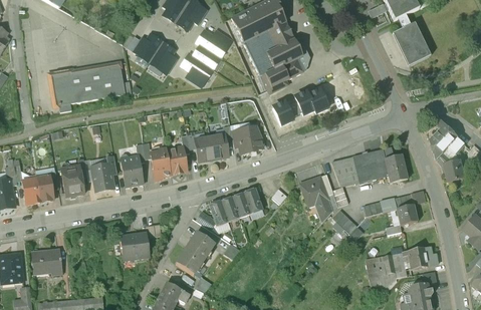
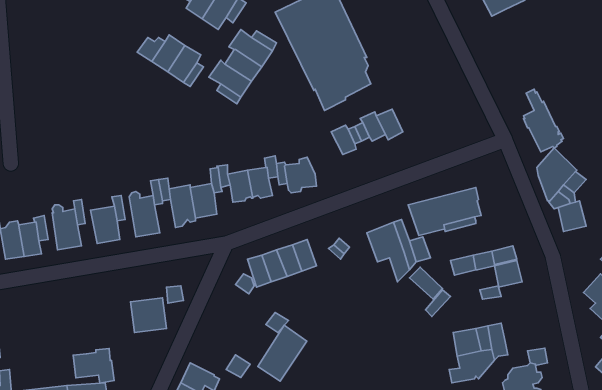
building: [397,15,427,62] -> [524,89,563,152]
building: [50,62,126,105] -> none
building: [383,147,408,183] -> none
building: [177,232,214,274] -> [258,325,307,381]
building: [402,248,438,269] -> none
building: [32,249,63,275] -> [73,349,114,383]

